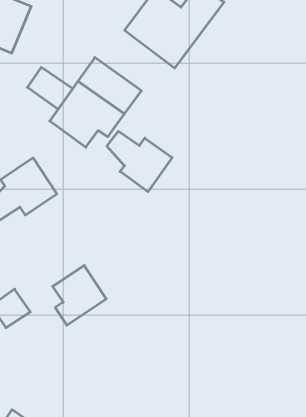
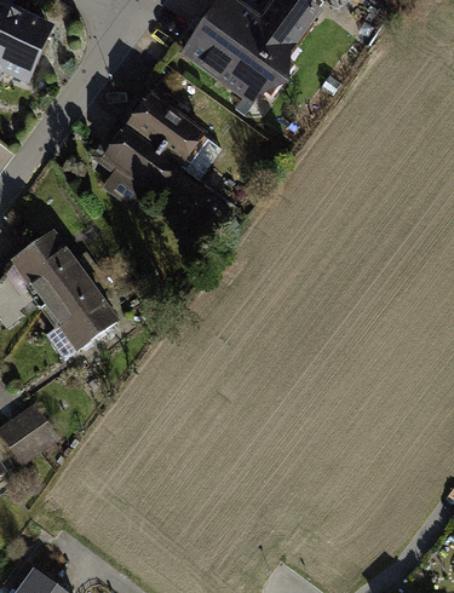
building: [27,67,73,109] -> none
building: [107,131,172,192] -> none
building: [53,265,106,325] -> [46,276,120,358]

